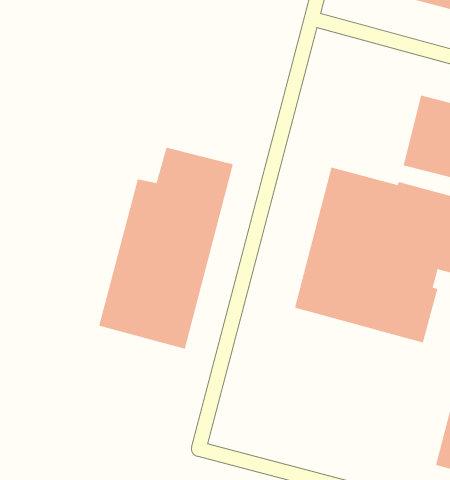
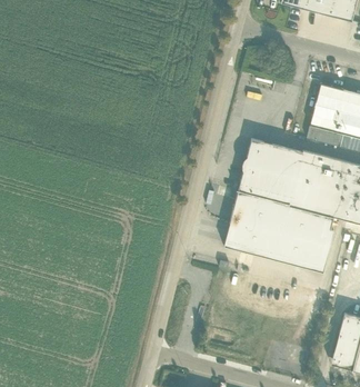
building: [98,147,234,349] -> none

